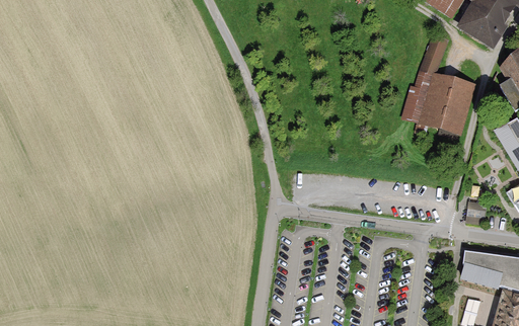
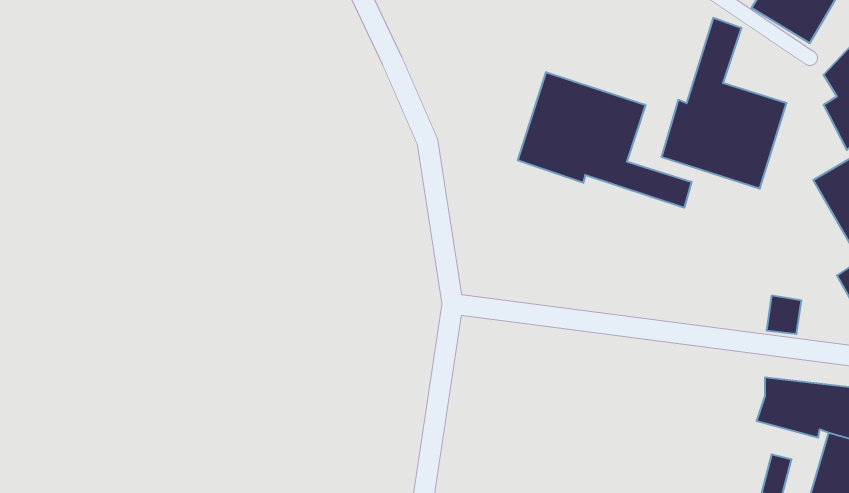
building: none -> [518,72,692,208]

